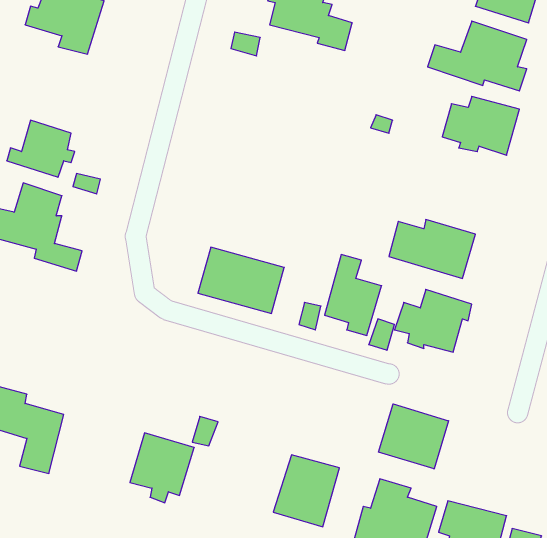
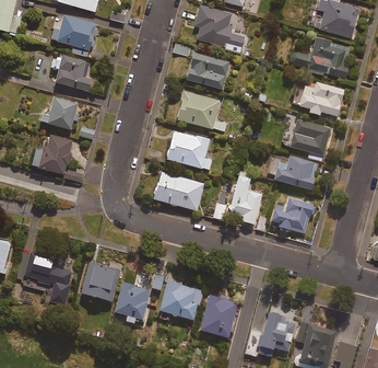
building: none -> [186,51,229,89]
building: none -> [49,54,91,91]
building: none -> [176,91,227,131]
building: none -> [288,119,330,161]
building: none -> [166,130,212,170]
building: none -> [80,261,121,301]
building: [379,404,449,469] -> none
building: none -> [158,279,197,320]

